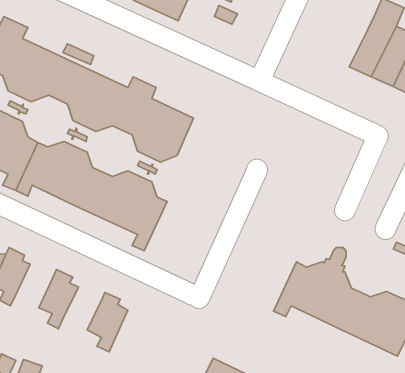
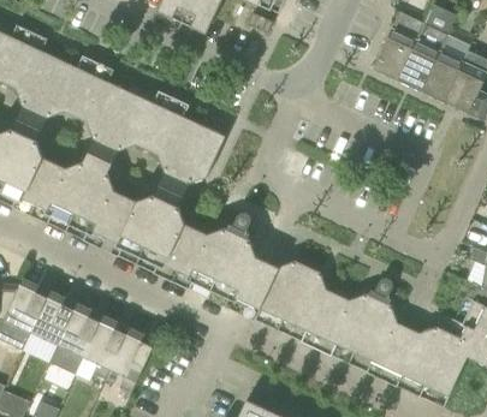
building: none -> [373,13,423,81]
building: none -> [171,213,338,349]
building: none -> [29,291,72,355]
building: none -> [82,315,125,380]

